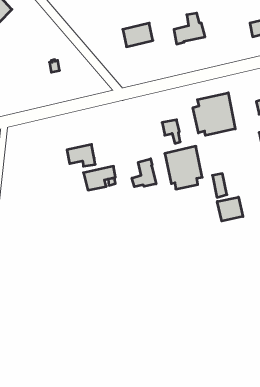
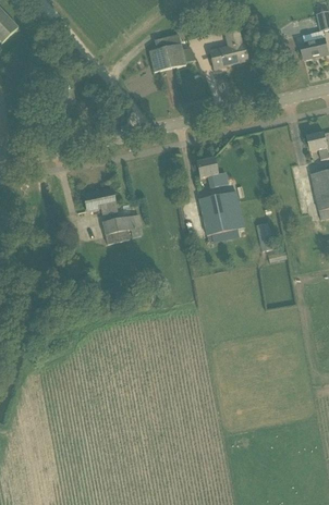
building: [193,93,235,135] -> none
building: [132,159,156,187] -> none
building: [217,197,243,221] -> none

